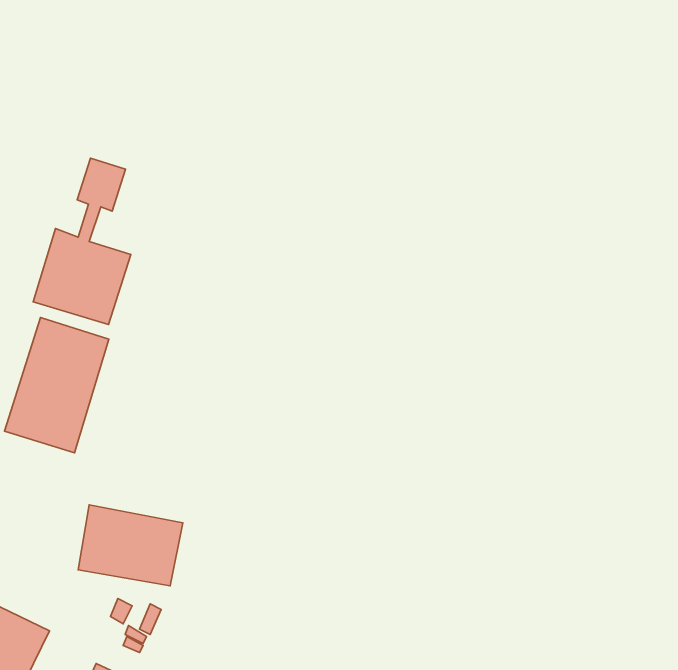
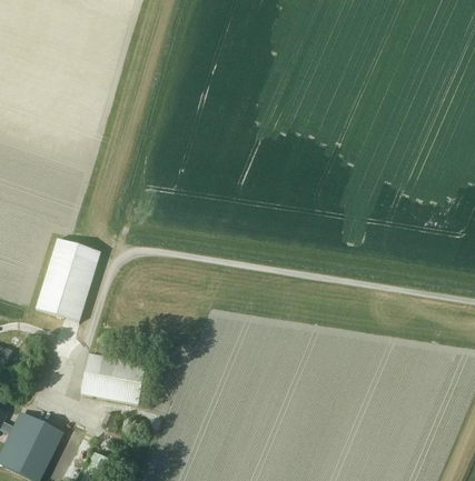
building: [33,158,131,325] -> none

